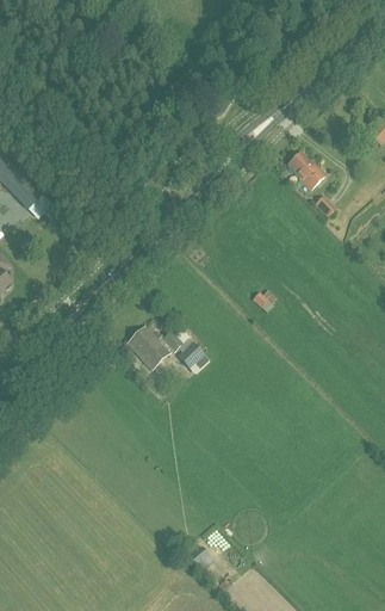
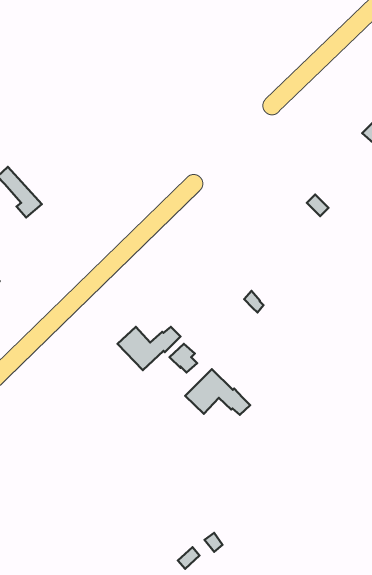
building: [286,152,324,190] -> none
building: none -> [185,369,250,415]

